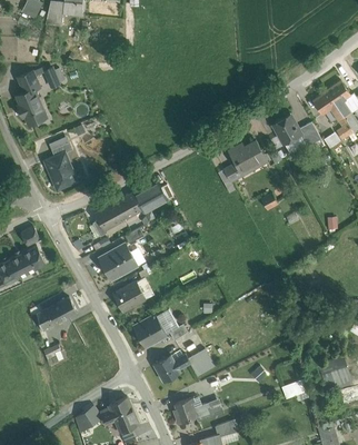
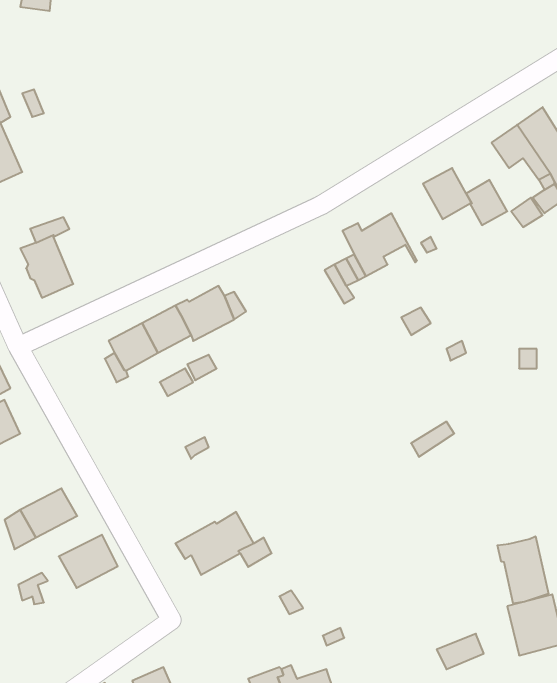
building: [99,243,138,279] -> none
building: [112,281,146,312] -> [59,535,118,588]
building: none -> [497,536,548,603]
building: [153,354,191,382] -> none

